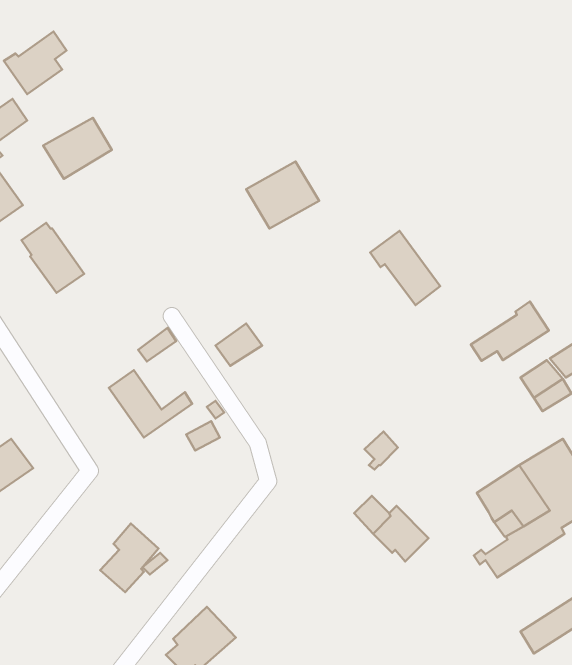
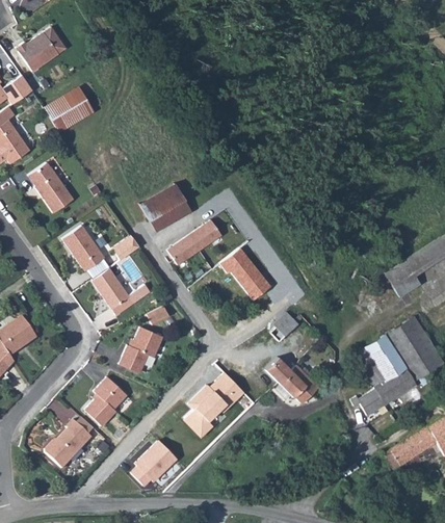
building: [246,161,319,229] -> [138,184,190,232]
building: [370,231,440,305] -> [219,247,269,300]
building: [471,301,549,361] -> none
building: none -> [188,220,220,251]
building: none -> [61,226,104,271]
building: none -> [119,328,162,373]
building: none -> [185,370,246,437]
building: none -> [45,421,90,469]

